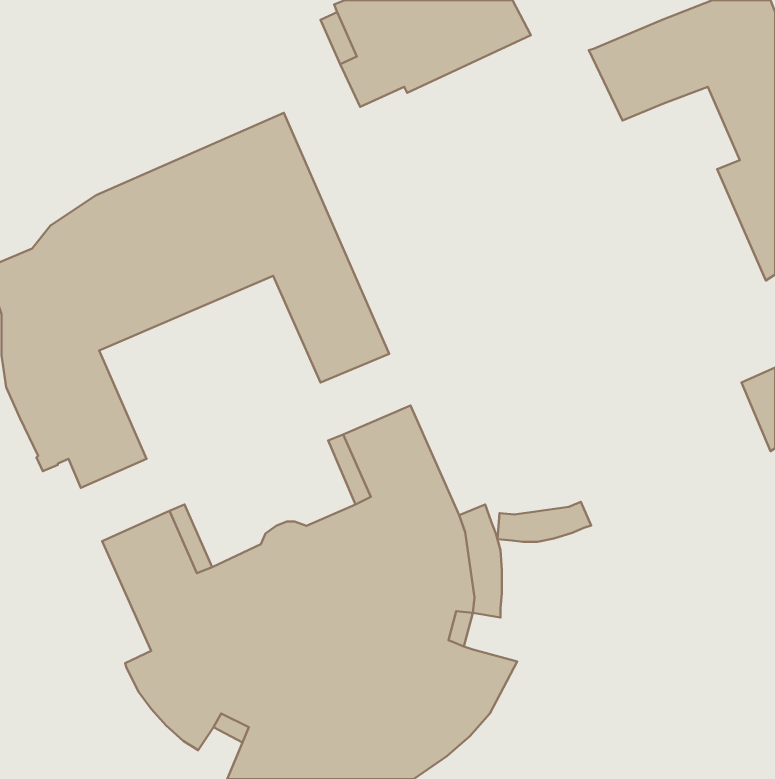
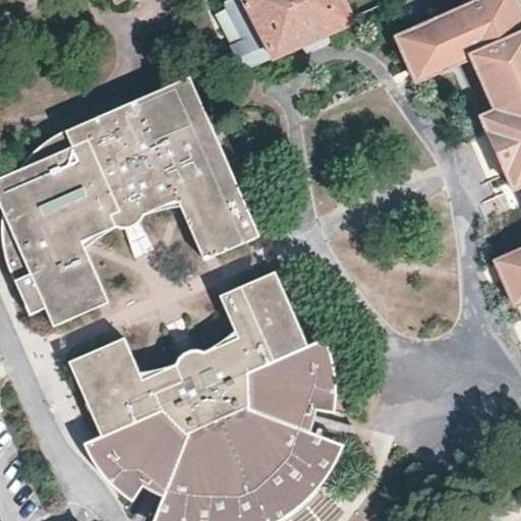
building: none -> [66,184,214,306]
building: [497,502,591,542] -> none

